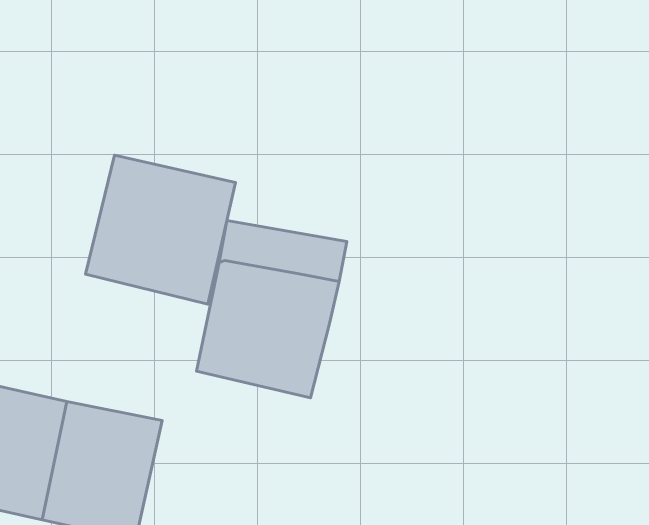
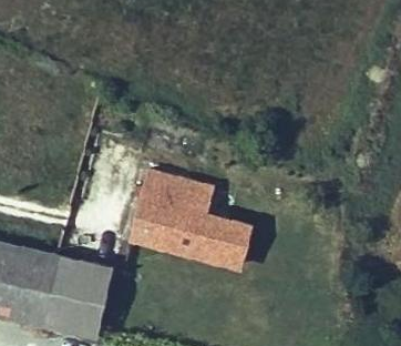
building: [86,155,235,304] -> none
building: none -> [196,212,250,266]

